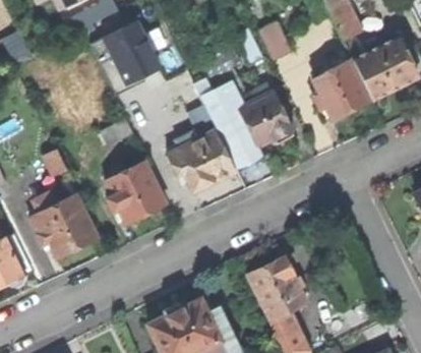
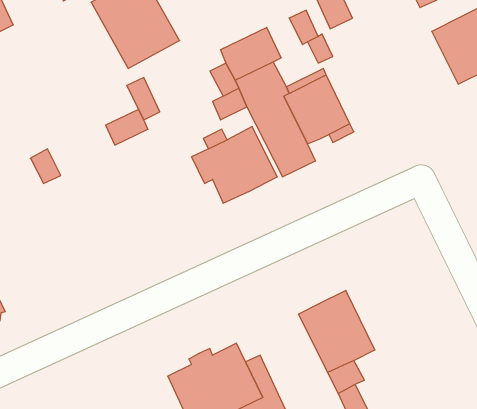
building: [313,60,369,118] -> none
building: [106,161,165,222] -> none
building: [29,194,97,257] -> none

